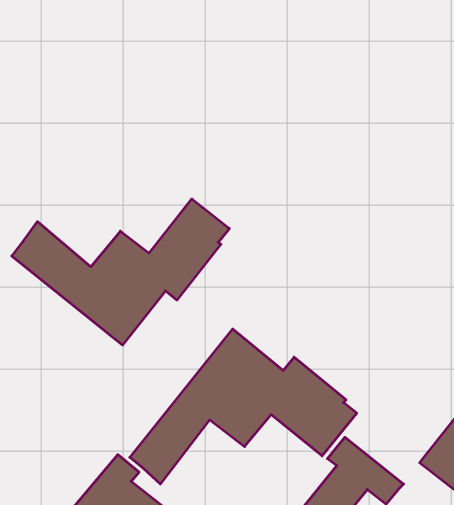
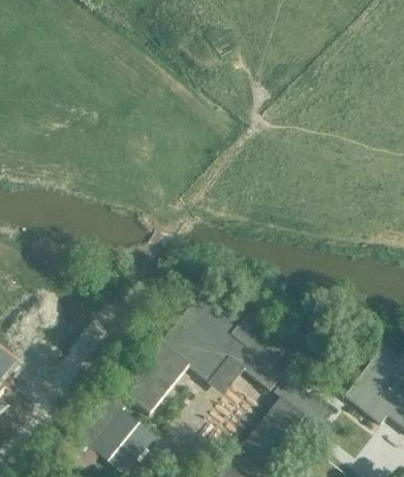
building: [12,199,229,345] -> none

